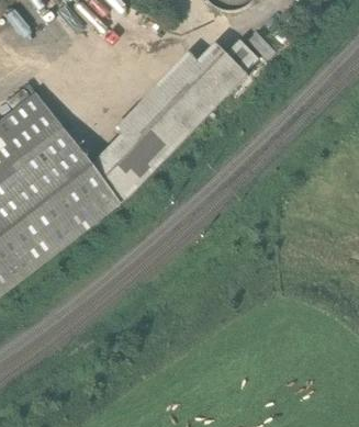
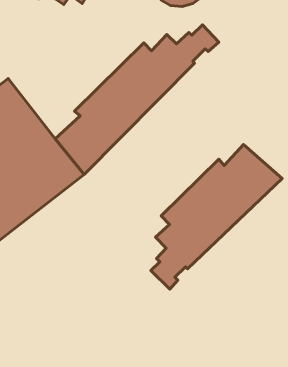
building: none -> [151,145,282,289]

